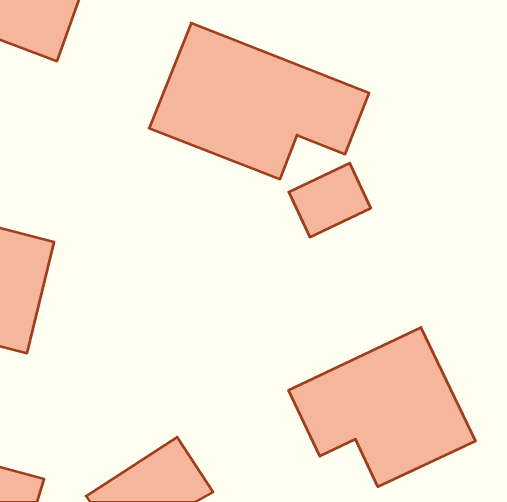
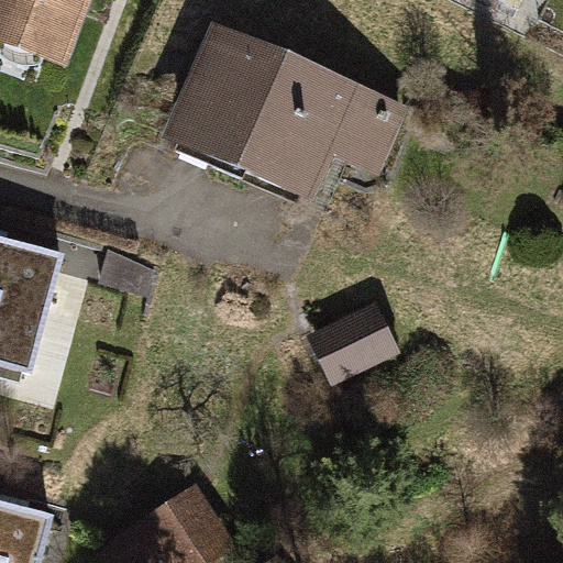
building: [289,163,371,237] -> [306,298,396,379]
building: [289,327,475,487] -> none

